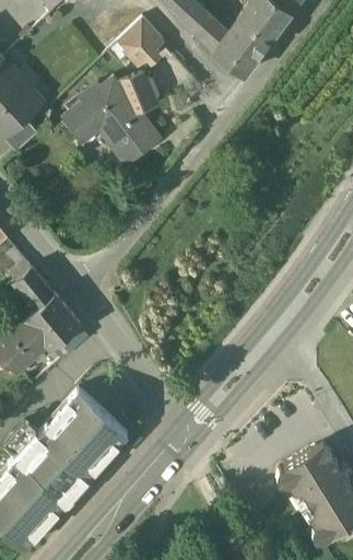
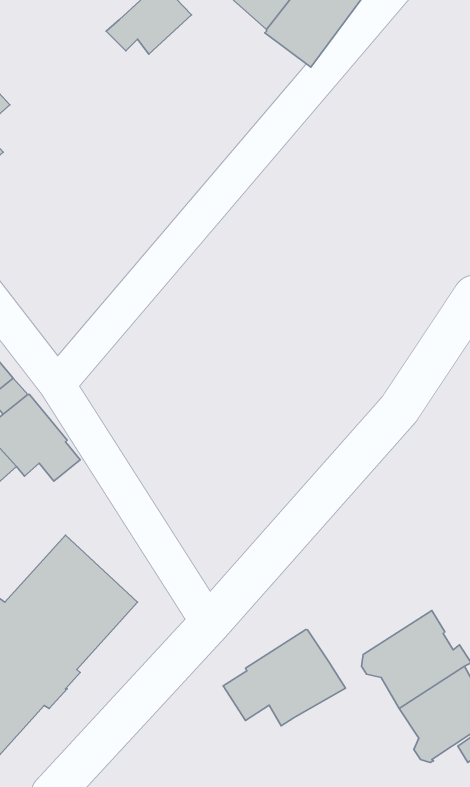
building: [62,73,158,159] -> none
building: none -> [223,629,345,726]

